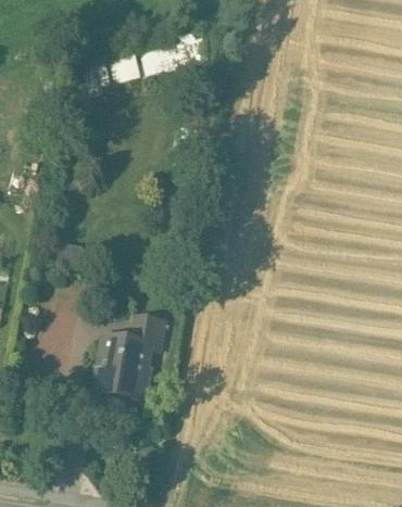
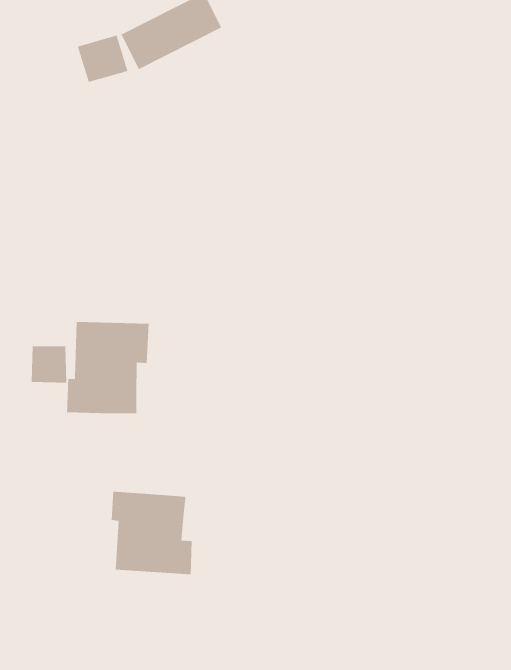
building: none -> [66,321,150,414]
building: [133,318,165,350] -> none

